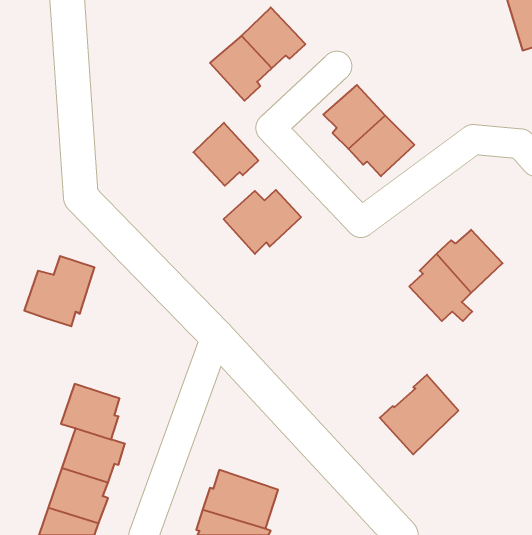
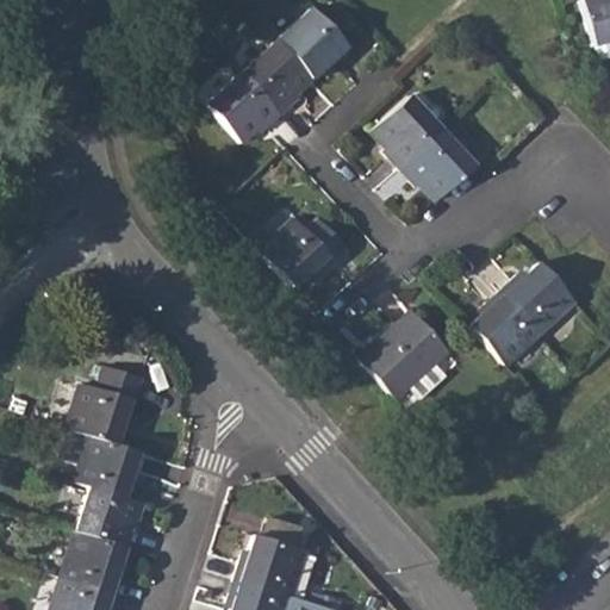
building: [193,123,258,186] -> [208,71,282,143]
building: [24,256,95,326] -> [66,366,145,446]
building: [380,375,458,454] -> [359,309,448,399]

